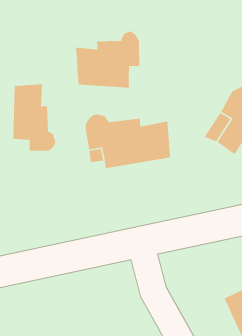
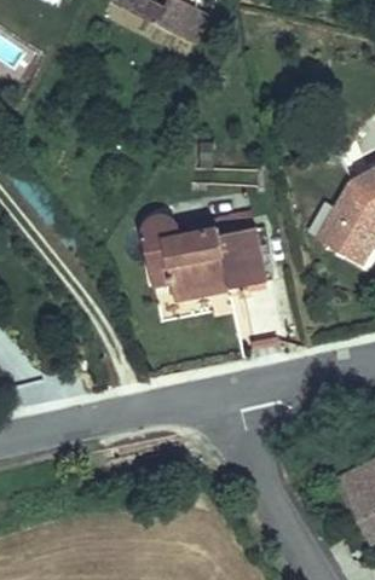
building: [75,31,140,88] -> none
building: [12,83,56,151] -> none

